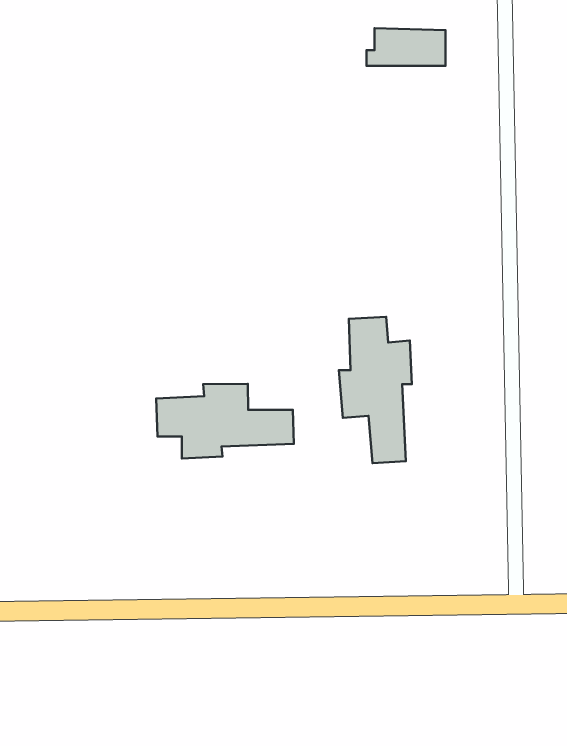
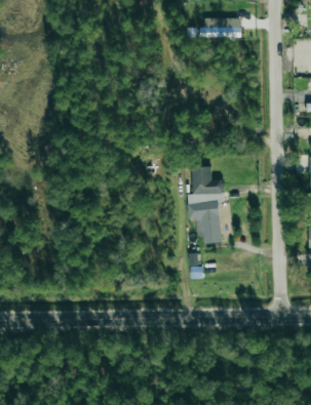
building: [156,384,294,458] -> none

